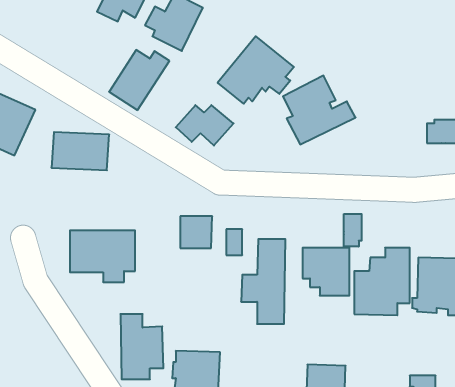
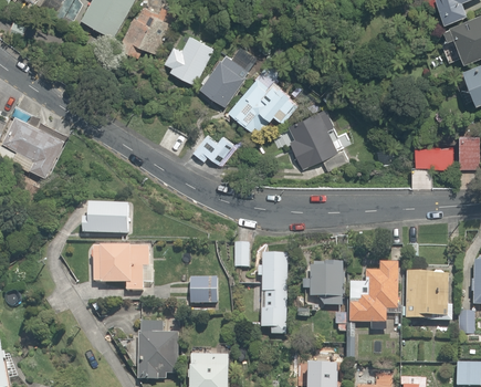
building: [109,50,169,110] -> [200,52,254,106]
building: [51,132,109,170] -> [80,201,132,236]
building: [344,214,362,247] -> none
building: [180,216,212,248] -> [190,275,219,304]

